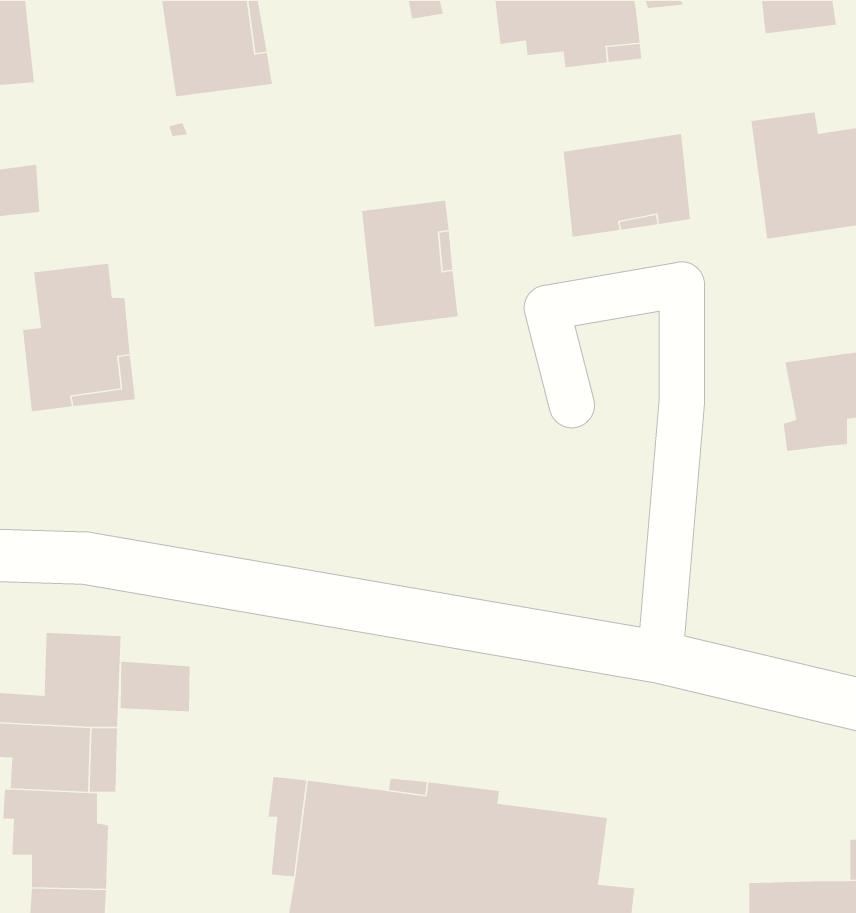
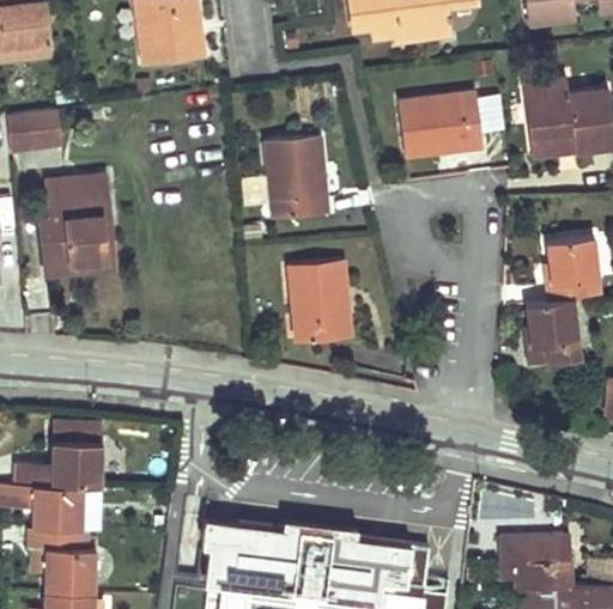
building: none -> [289,261,350,342]
building: none -> [526,298,583,365]
building: [120,661,190,712] -> none
building: none -> [502,532,571,587]

